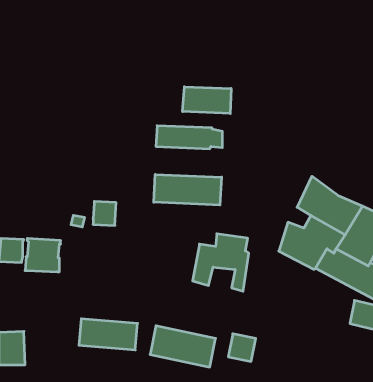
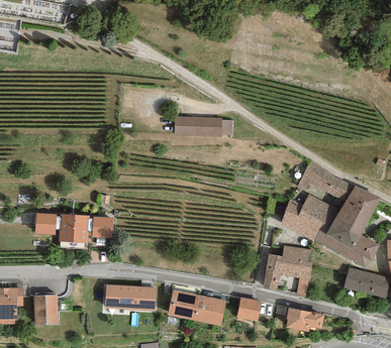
building: [183,87,231,114] -> none
building: [154,174,222,205] -> none
building: [93,201,116,225] -> [92,216,112,237]
building: [193,234,249,291] -> [262,245,311,296]
building: none -> [285,307,324,332]

